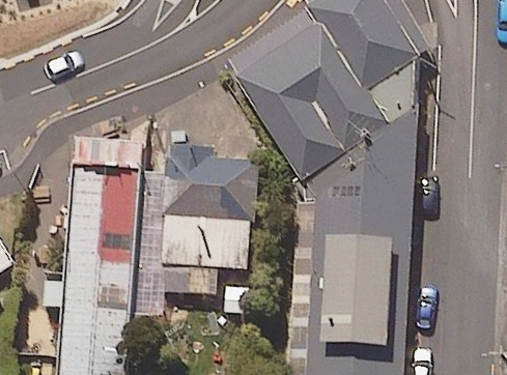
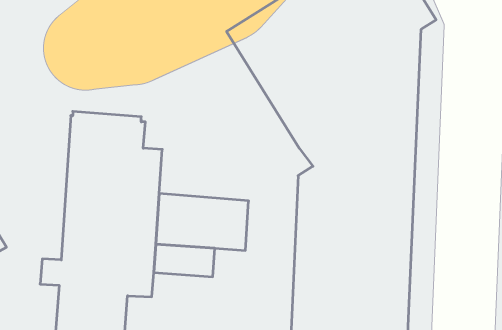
building: [159,147,258,225] -> none

